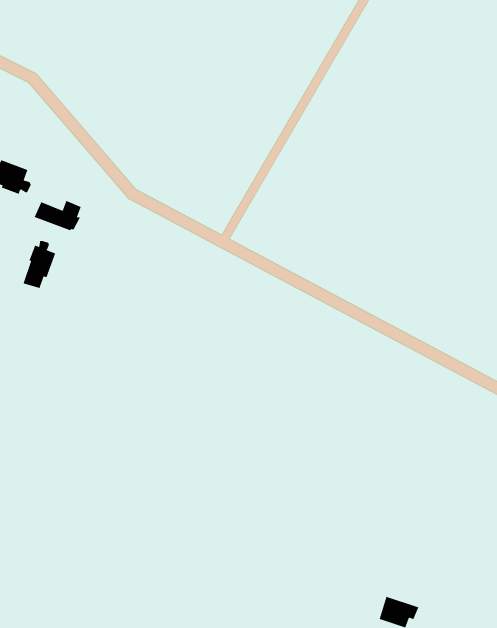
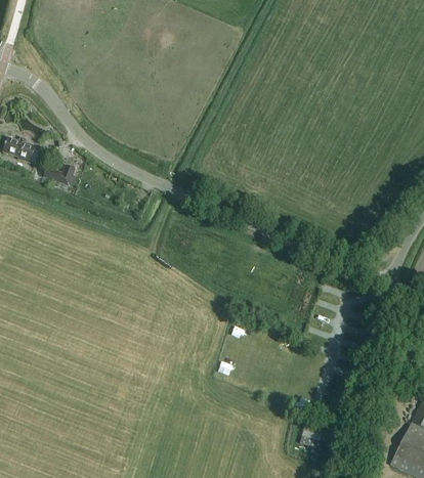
building: [23,240,56,289] -> none

